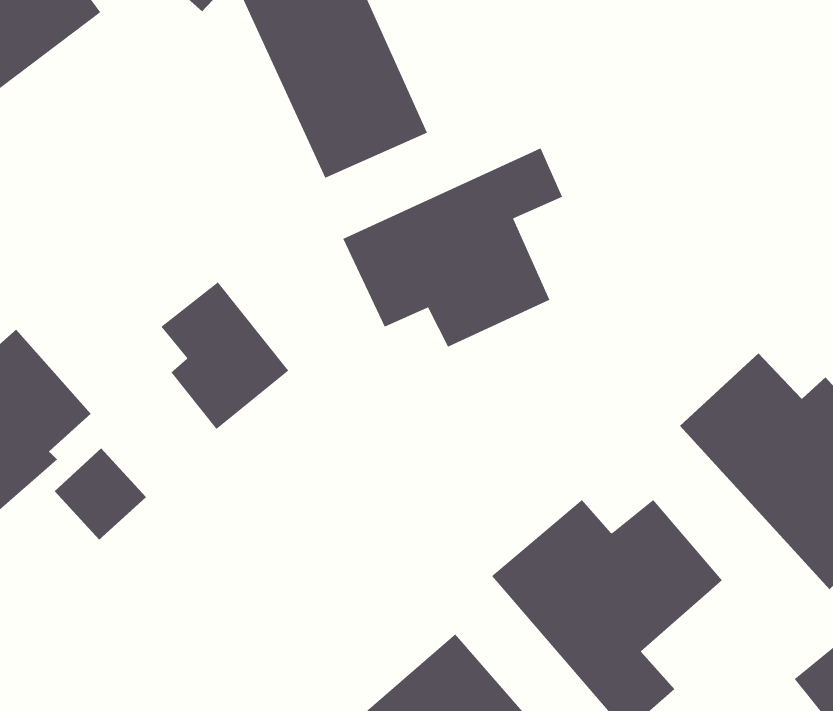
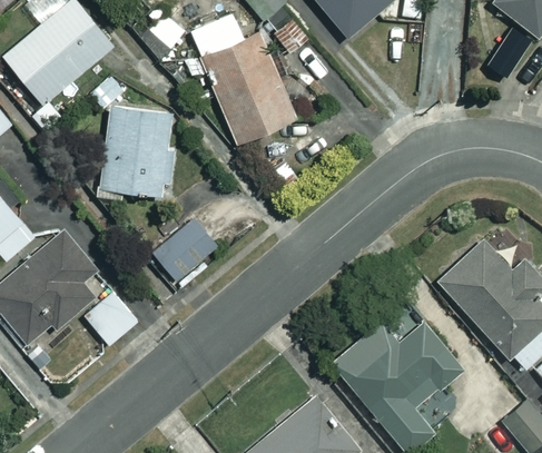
building: none -> [98,106,175,196]
building: [342,147,563,348] -> none

